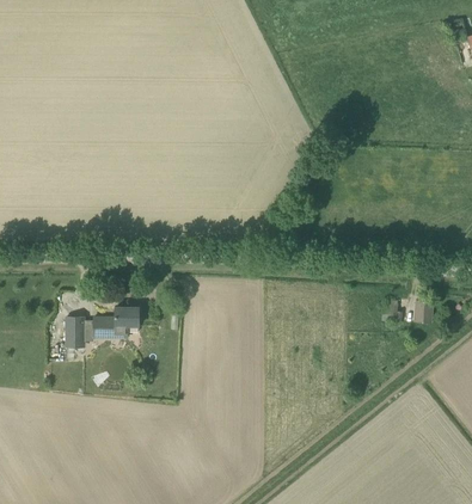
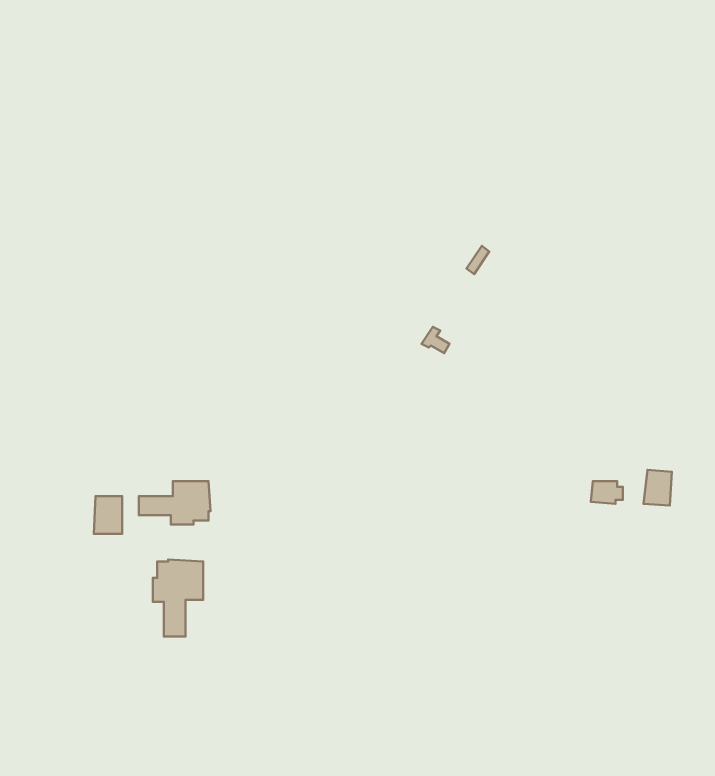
building: none -> [153,560,203,636]

